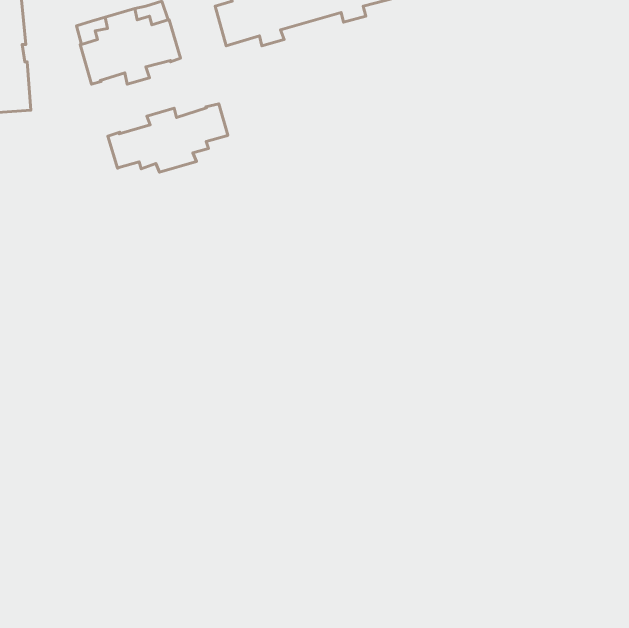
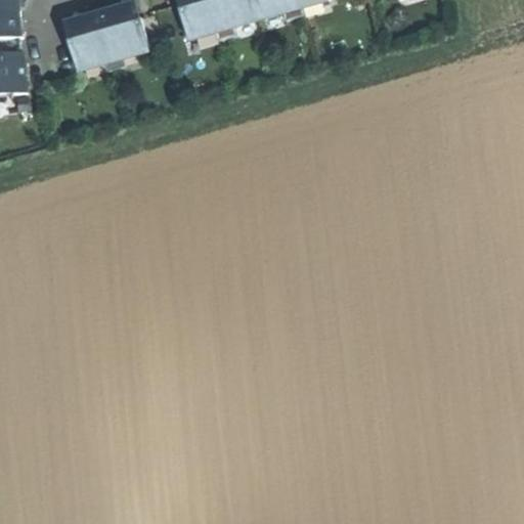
building: [108,104,228,172] -> none

